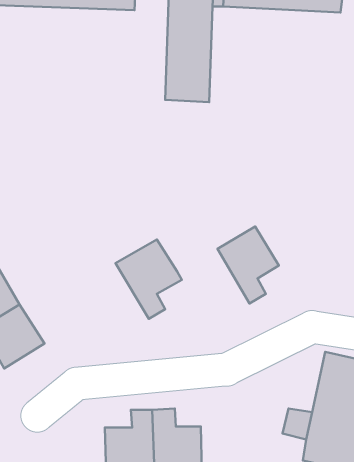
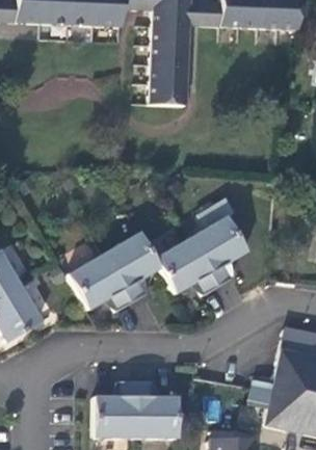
building: none -> [157,236,220,293]
building: none -> [67,248,132,308]

